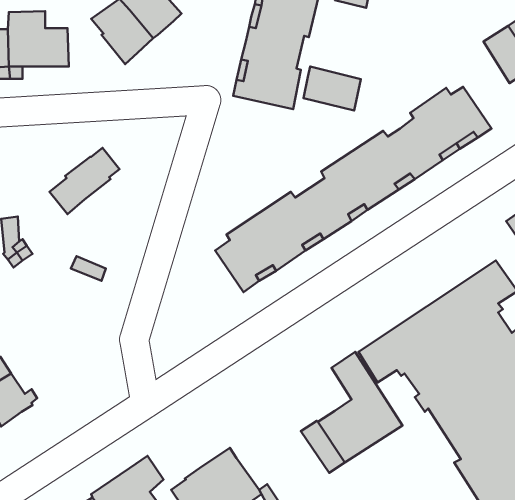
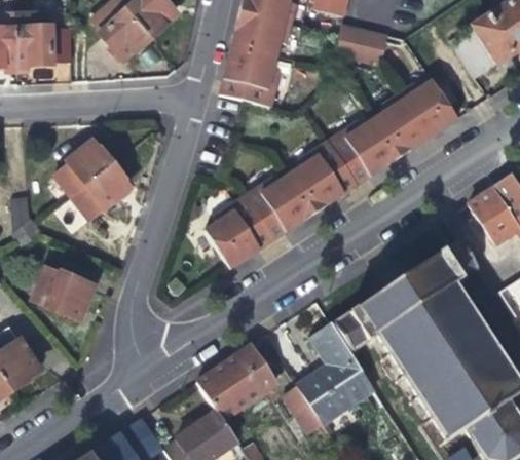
building: [303,67,361,111] -> [333,17,385,57]
building: none -> [70,165,128,221]
building: none -> [31,260,95,320]
building: none -> [197,344,276,419]

